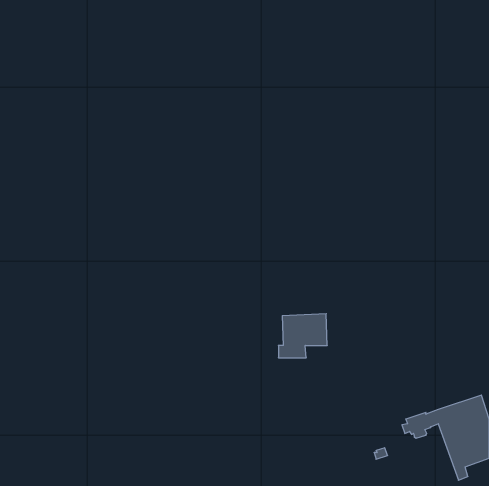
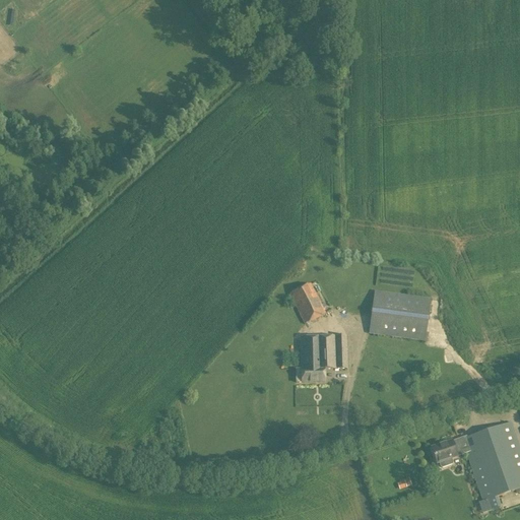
building: none -> [288,281,326,322]
building: none -> [369,288,431,339]

